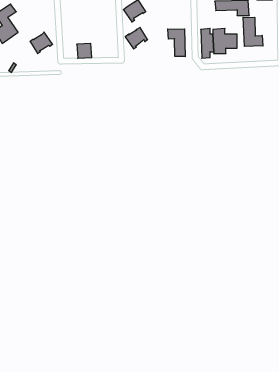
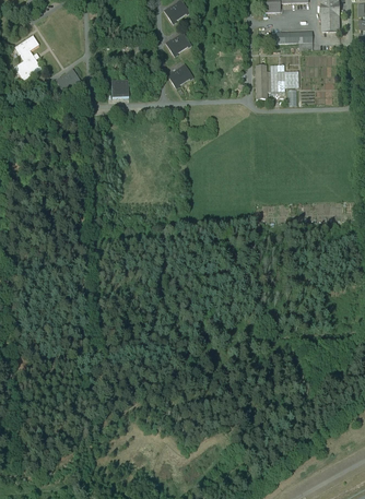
building: [243,17,263,46] -> none
building: [168,29,185,57] -> none

